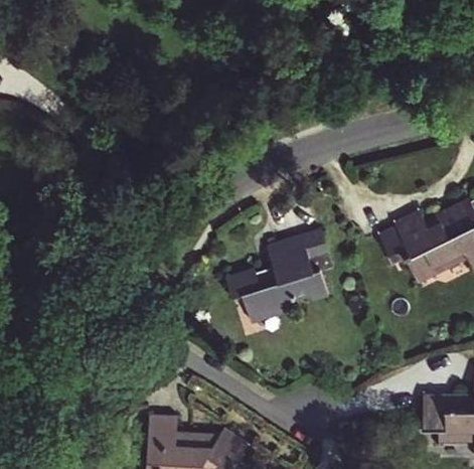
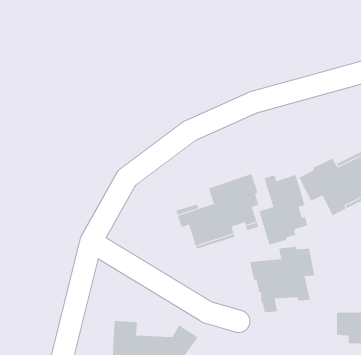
building: none -> [259,174,308,246]
building: none -> [250,246,315,313]

